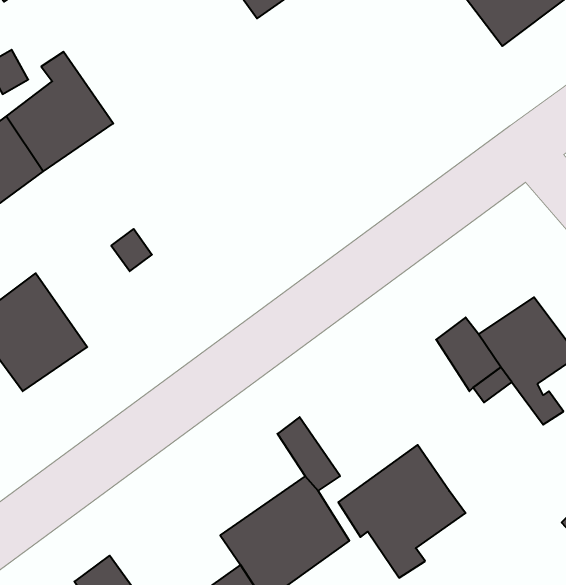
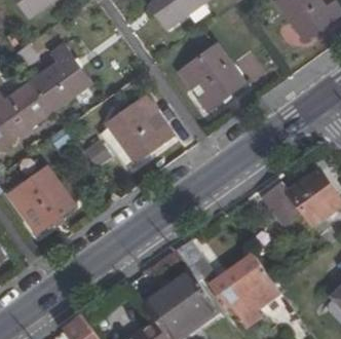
building: none -> [176,39,242,106]
building: none -> [107,93,173,157]

